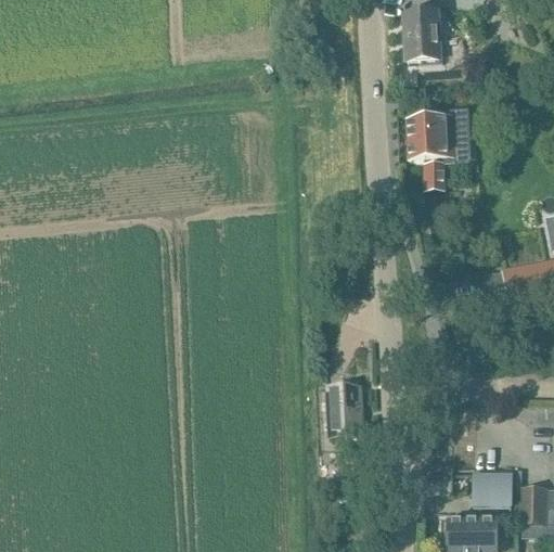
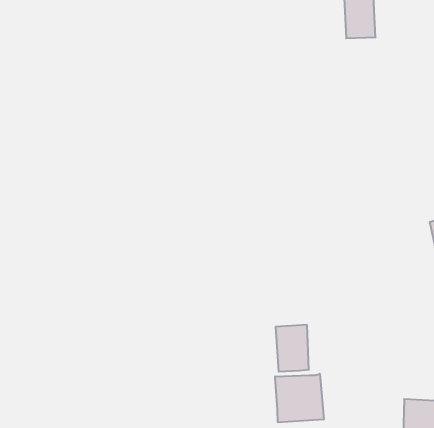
building: [409,114,454,187] -> none
building: none -> [275,374,324,422]

